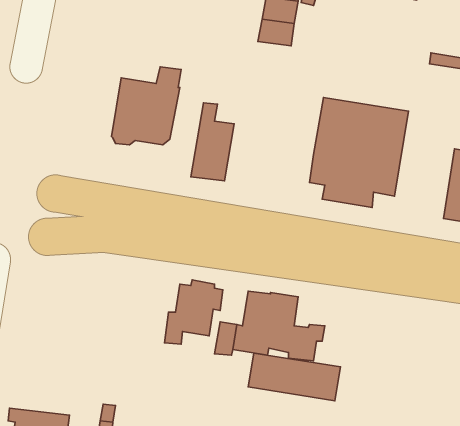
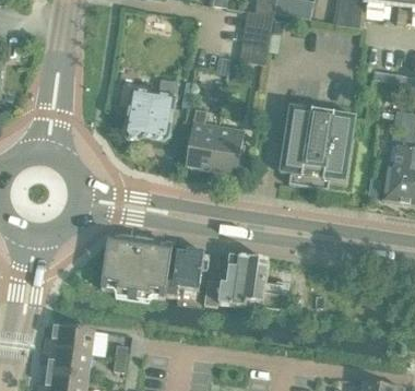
building: none -> [212,123,245,173]
building: none -> [100,235,171,297]
building: [248,353,340,401] -> none
building: none -> [44,323,94,352]

